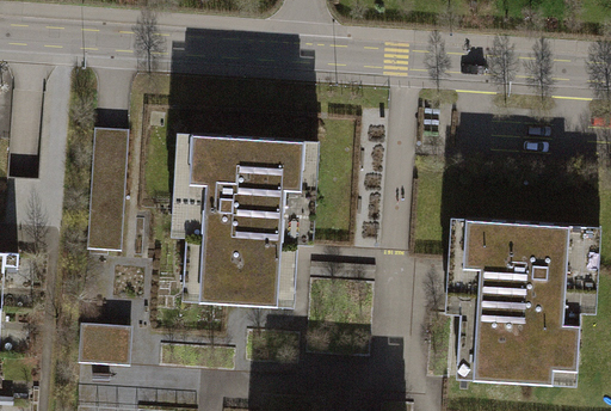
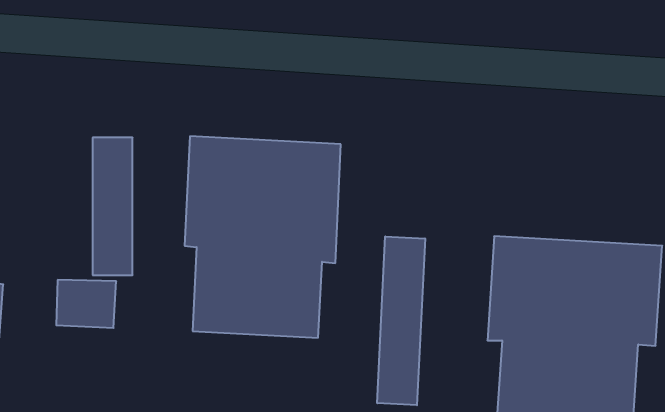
building: none -> [377,236,425,405]
building: [78,324,131,367] -> [56,280,116,328]

